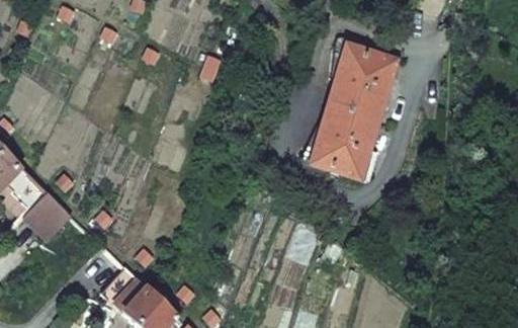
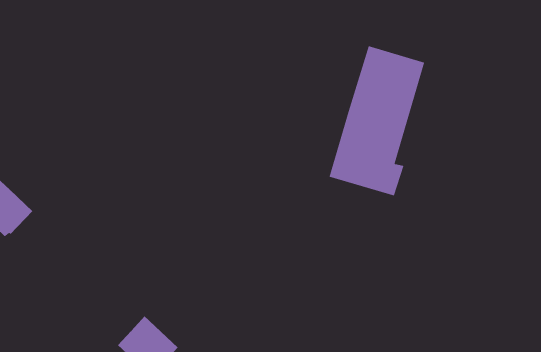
building: [21,192,70,239] -> none
building: [100,265,146,312] -> none

